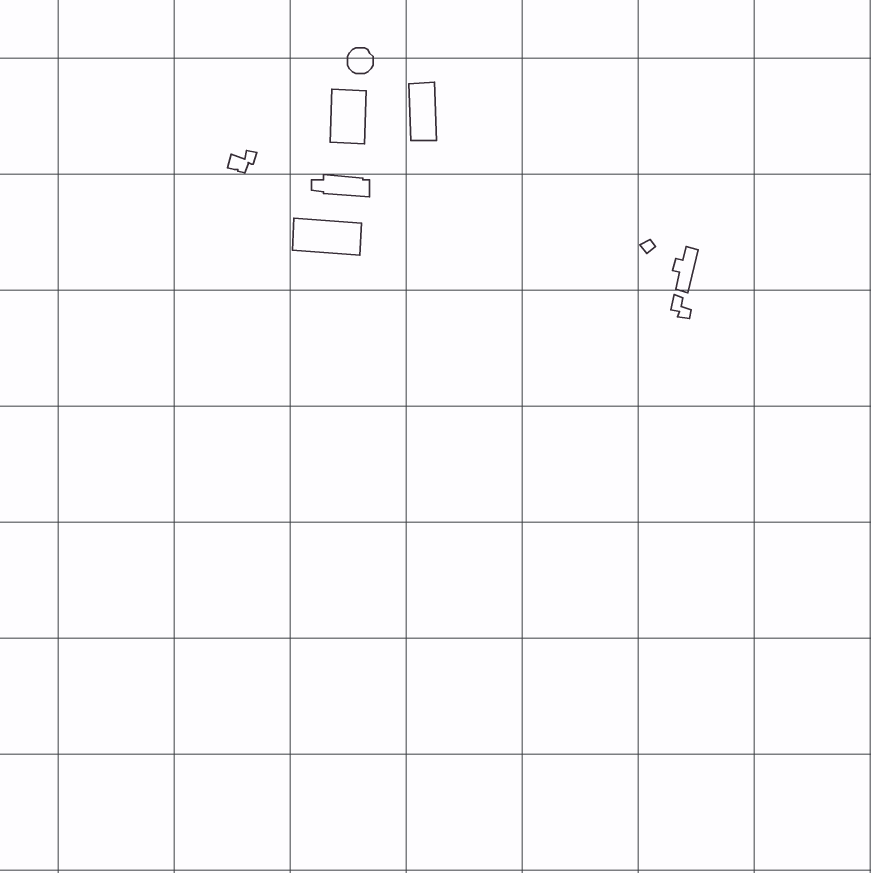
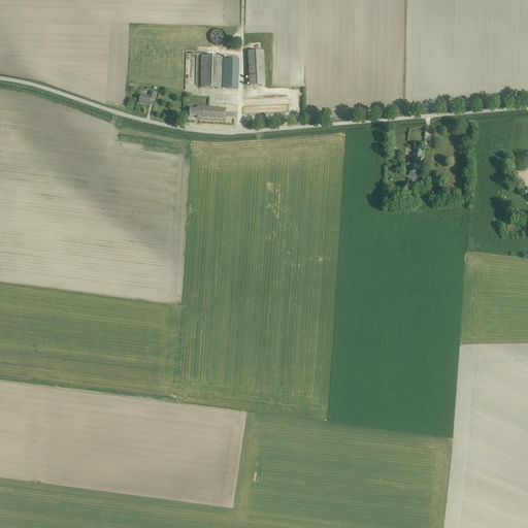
building: none -> [221,58,237,87]
building: [292,218,362,255] -> none

